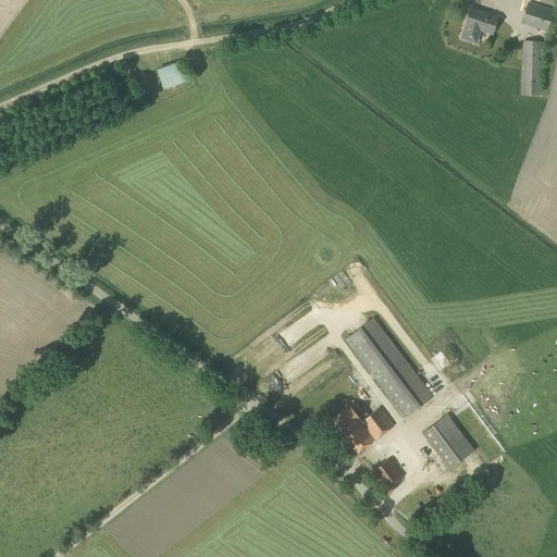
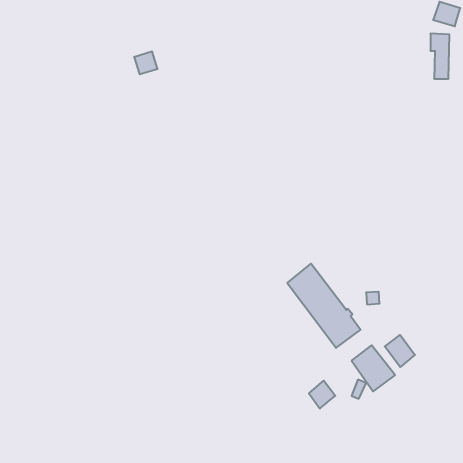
building: [460,8,497,45] -> none
building: none -> [385,335,415,367]
building: [325,406,394,456] -> none

